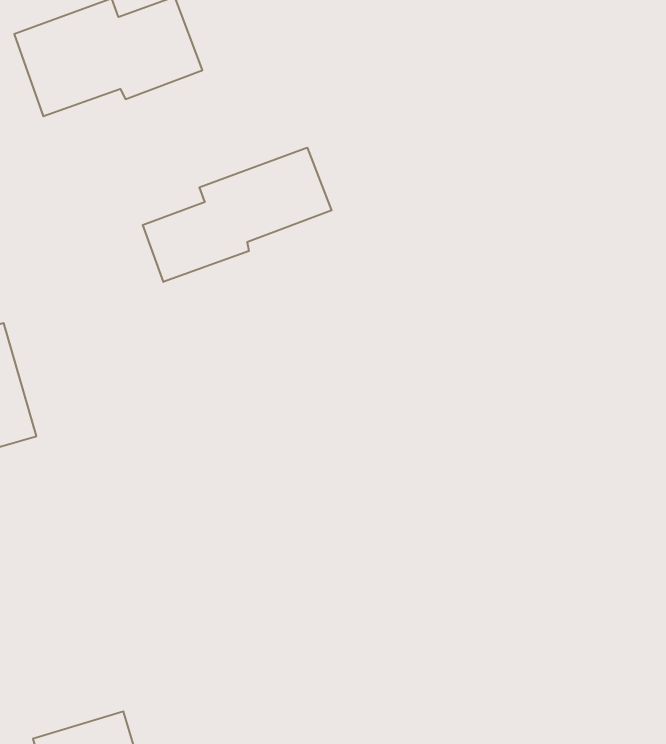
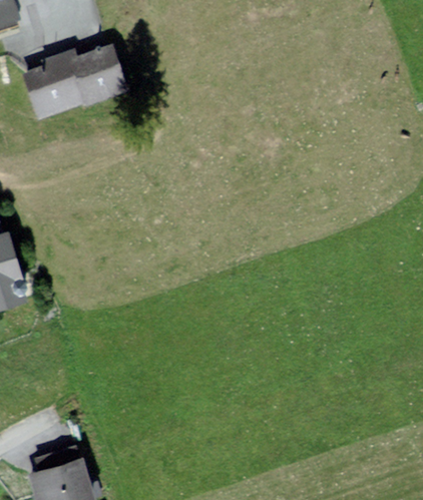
building: [143,148,332,282] -> none

